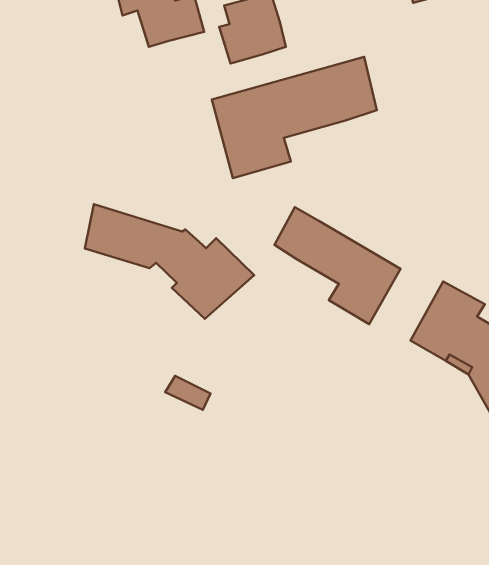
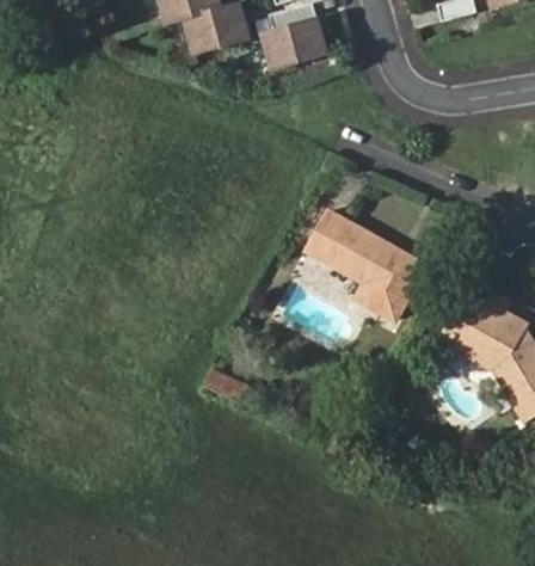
building: [212,57,377,178] -> none
building: [85,204,254,319] -> none

